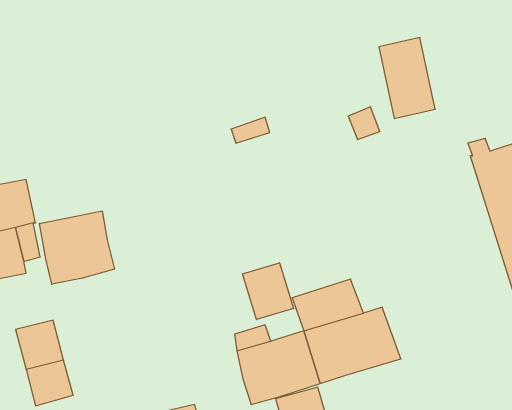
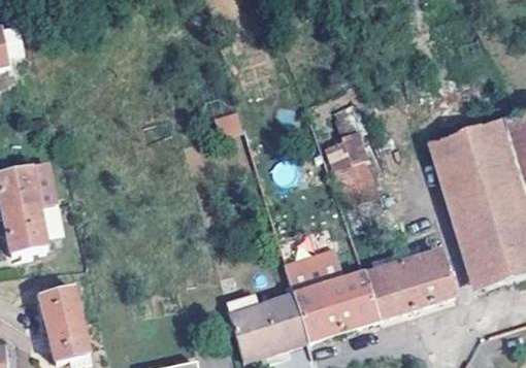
building: [379,38,435,119] -> [325,126,374,197]
building: [39,211,114,284] -> none
building: [242,263,294,320] -> none
building: none -> [360,250,455,320]

